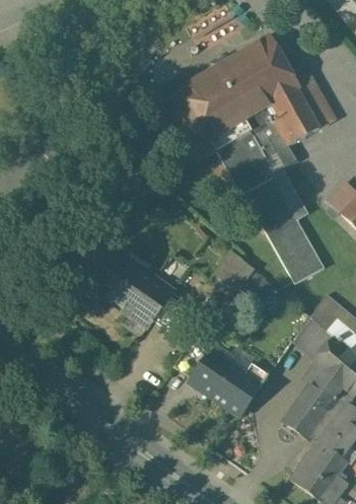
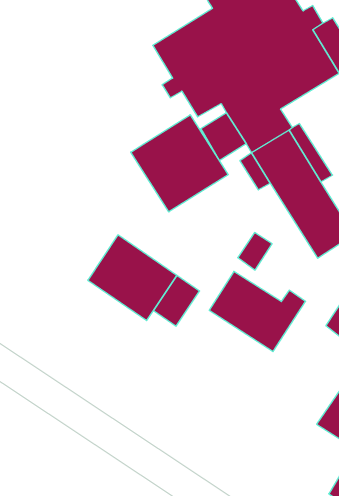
building: none -> [131,115,228,212]
building: [187,348,268,417] -> [209,271,306,352]

